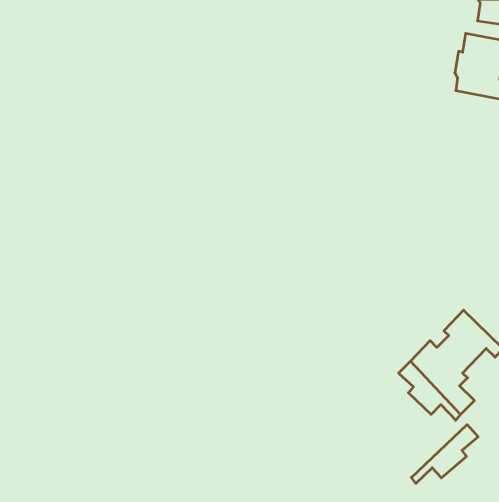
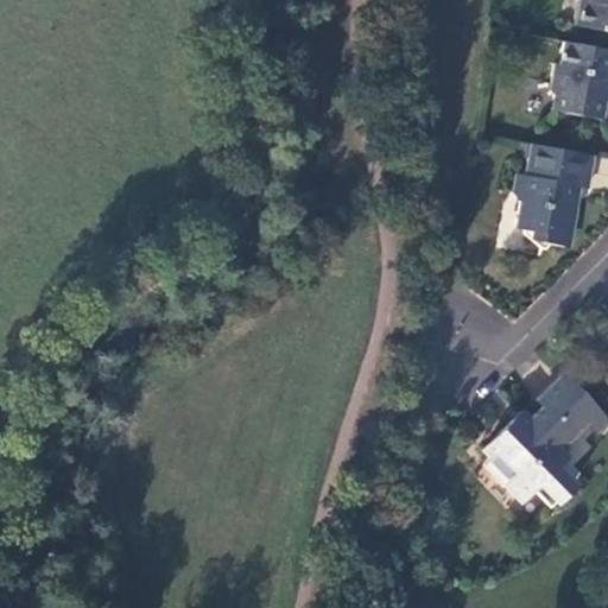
building: none -> [518,142,595,246]
building: [411,425,478,483] -> none

